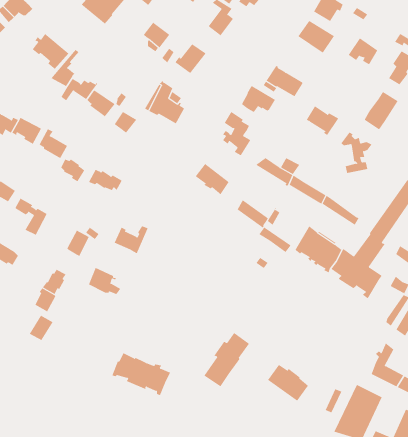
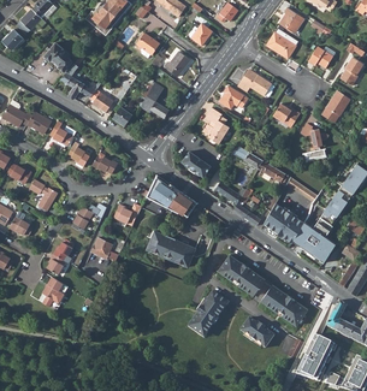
building: none -> [146,174,196,217]
building: none -> [220,254,265,292]
building: none -> [262,284,308,322]
building: [112,352,171,396] -> [146,230,195,266]

